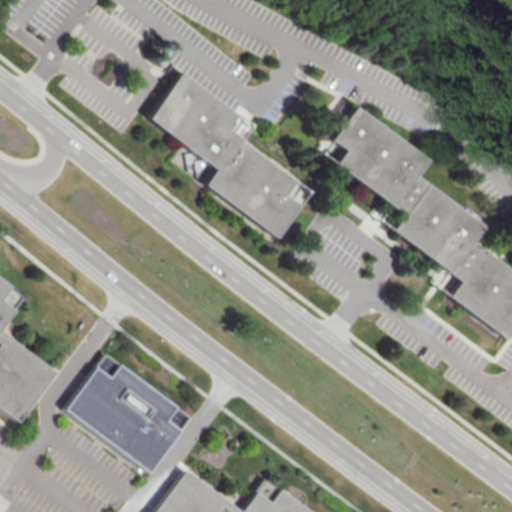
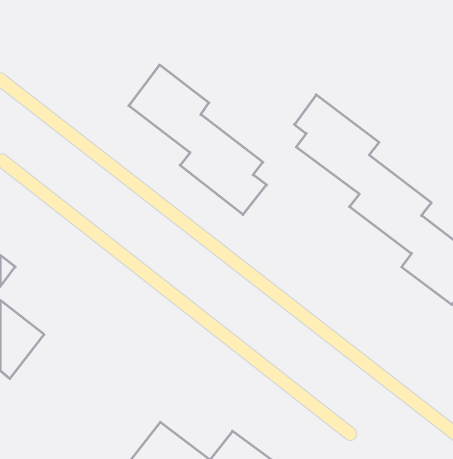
building: [66,356,190,473] -> none

